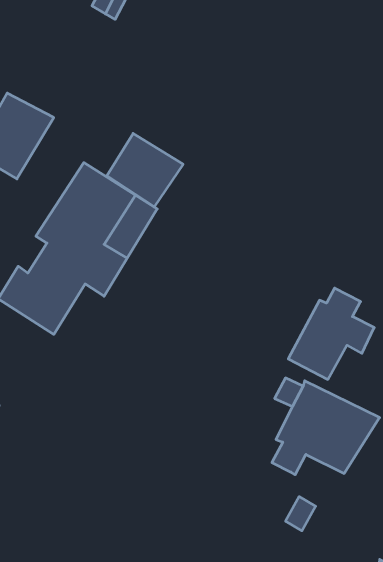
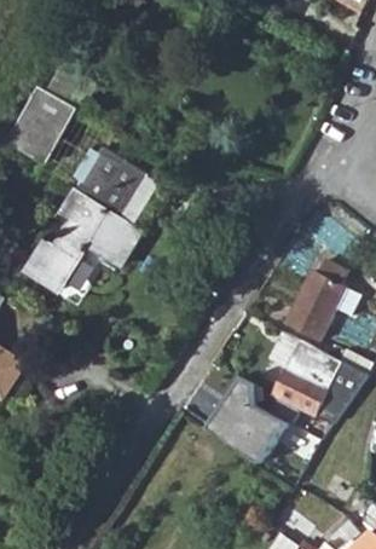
building: [107,133,183,207] -> none
building: none -> [204,378,285,462]

